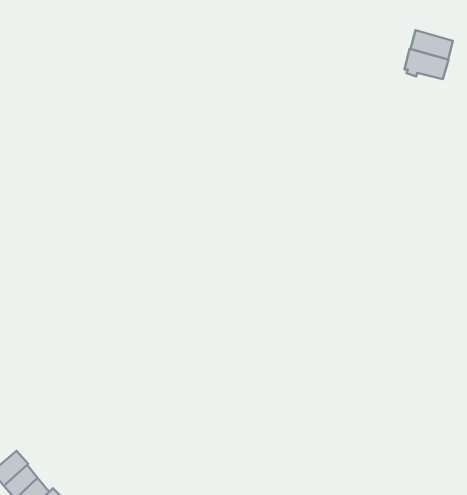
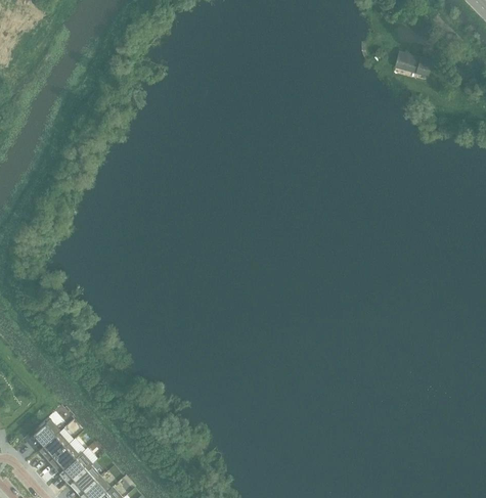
building: [405,49,448,79] -> none

